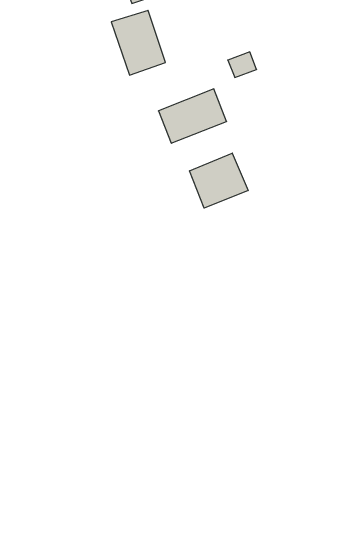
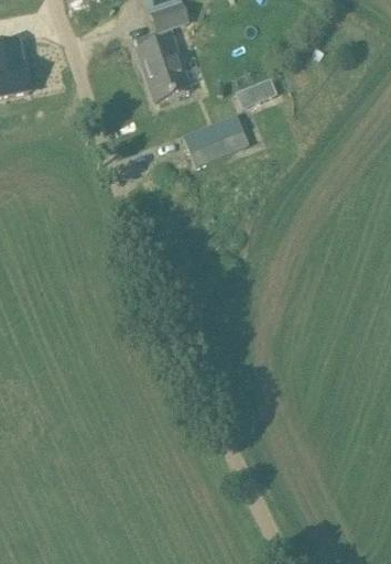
building: [190,153,248,208] -> none

